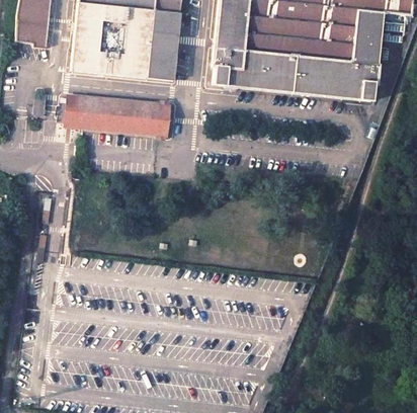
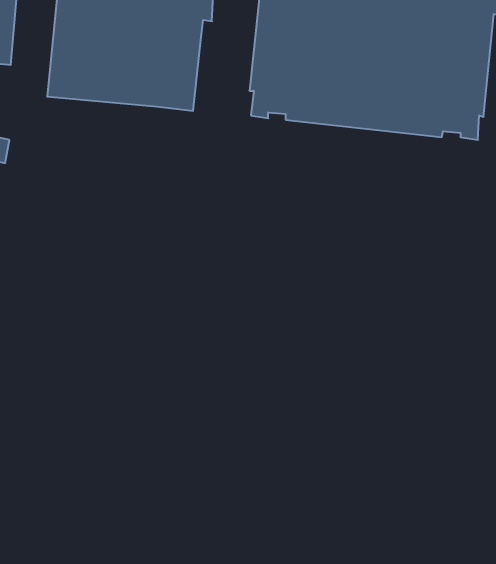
building: [67,95,171,138] -> none

